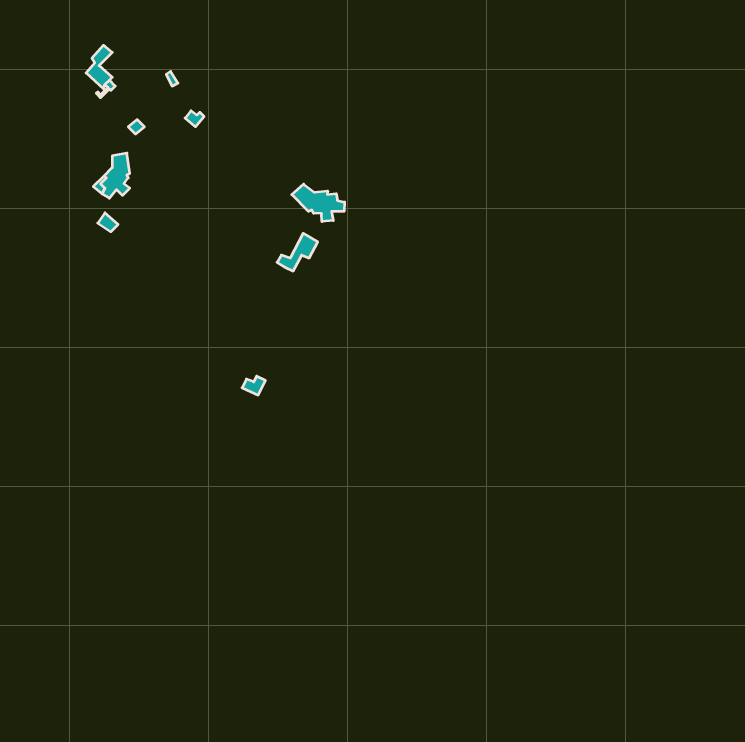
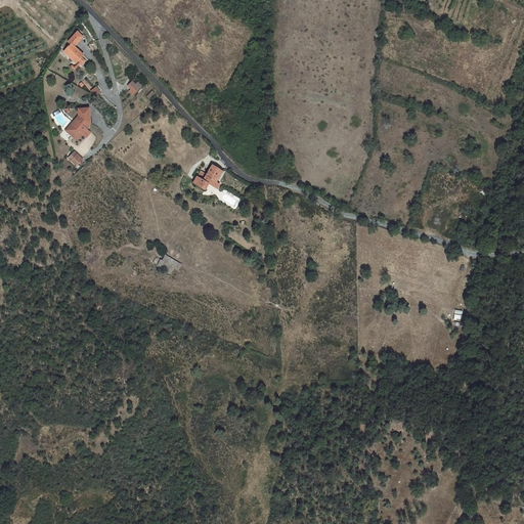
building: [292,184,345,222] -> none

